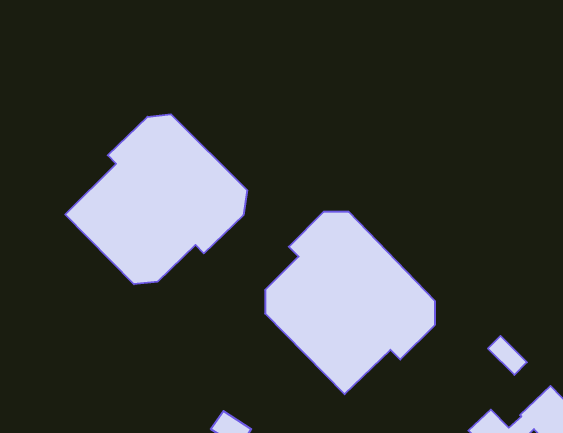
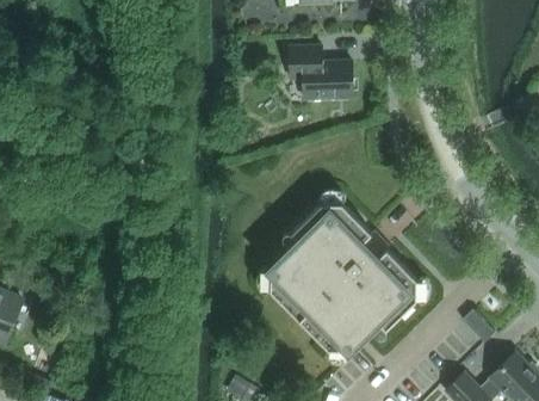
building: none -> [289,47,353,100]
building: [65,114,247,284] -> none

